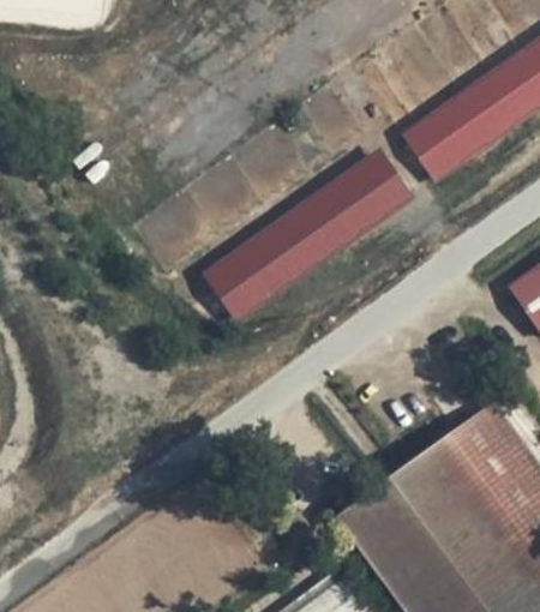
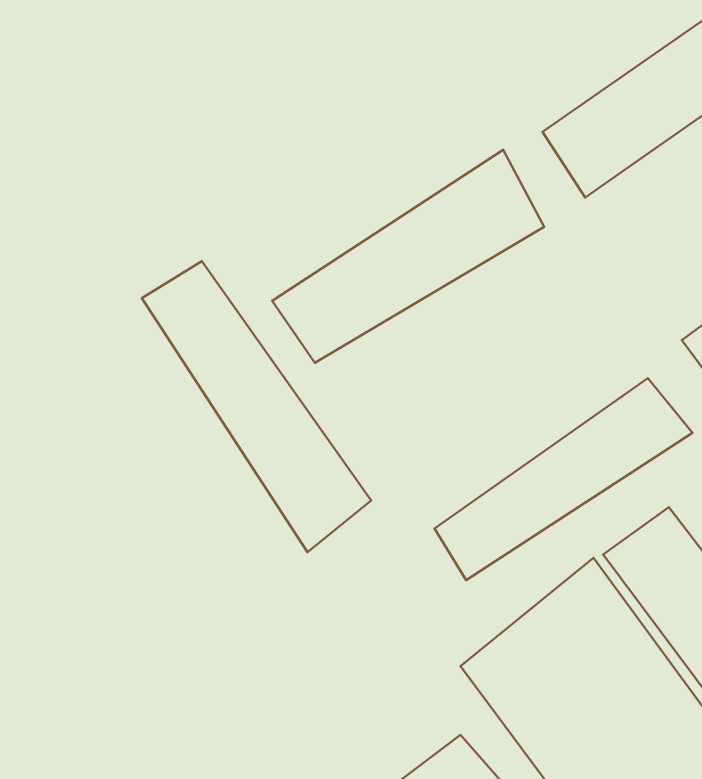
building: none -> [142,261,371,552]
building: none -> [434,378,693,580]

